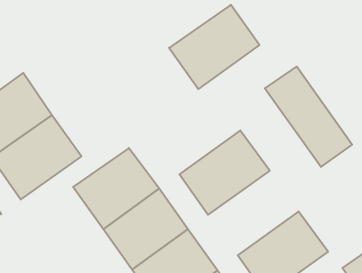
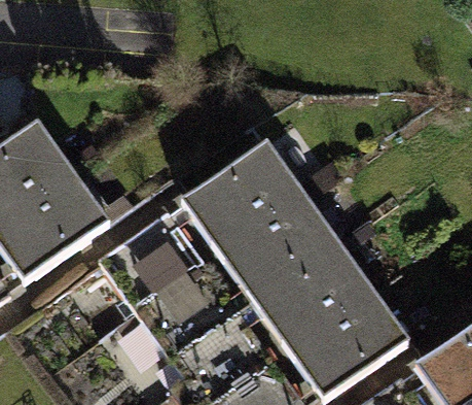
building: [169,5,259,89] -> [190,141,300,244]
building: [265,67,352,167] -> none
building: none -> [261,240,371,343]

